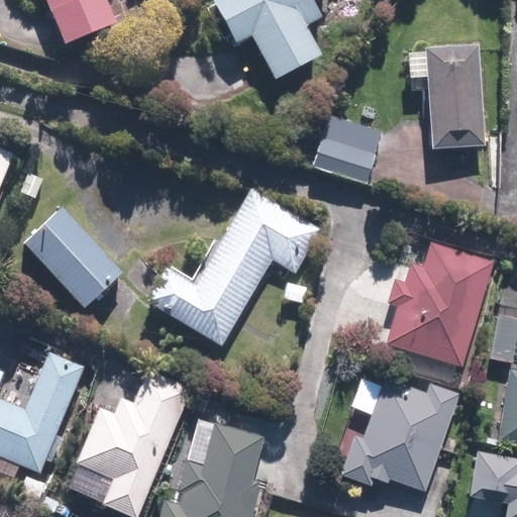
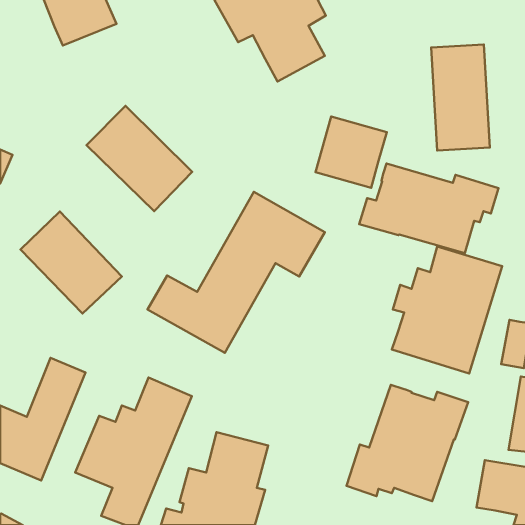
building: none -> [86,106,192,211]
building: none -> [359,163,499,253]

